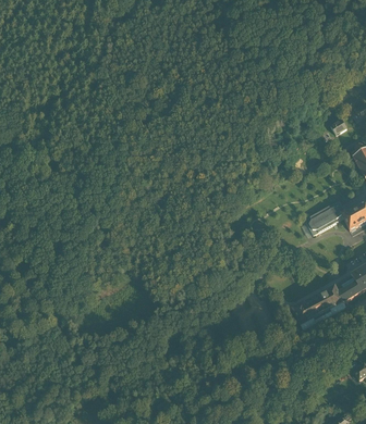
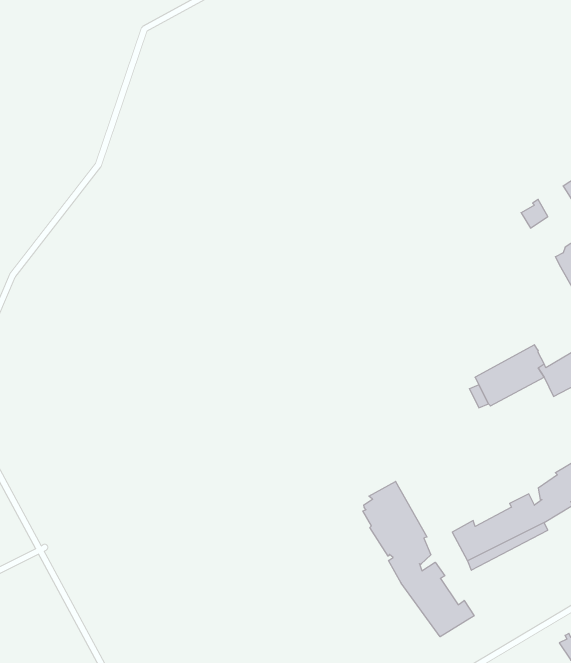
building: none -> [363,481,474,637]

